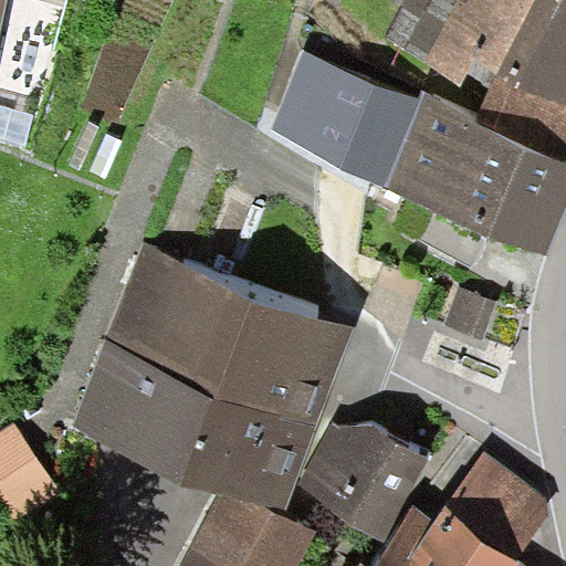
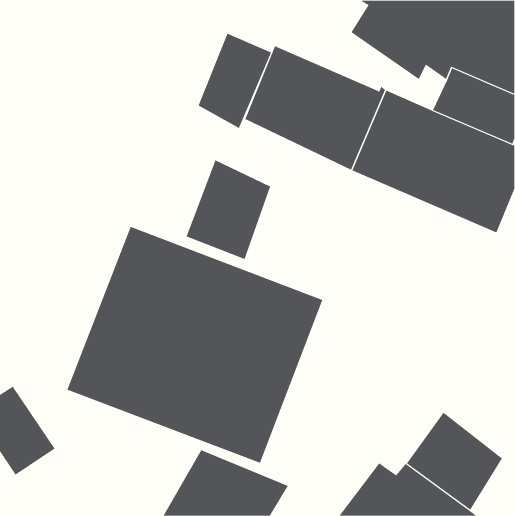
building: none -> [198,33,272,129]
building: none -> [186,159,271,260]
building: [298,423,430,542] -> none

